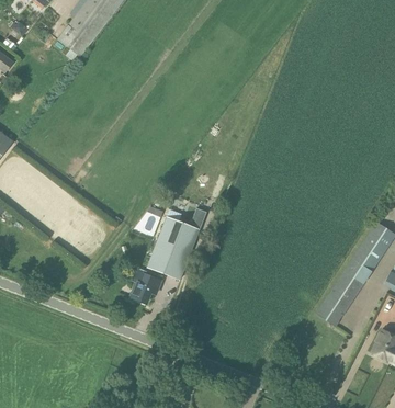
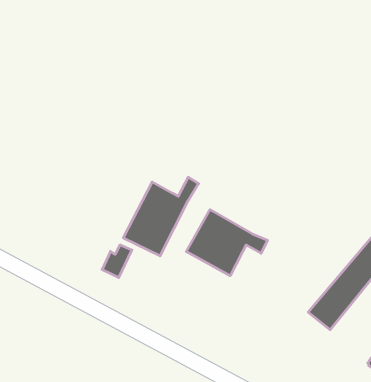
building: none -> [186,210,267,276]

